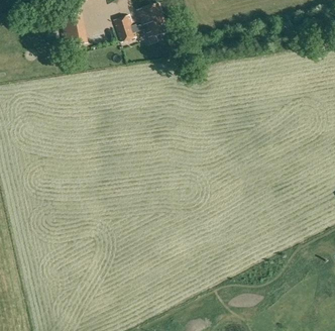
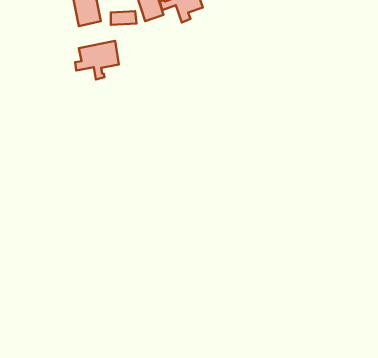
building: none -> [75,41,119,79]

